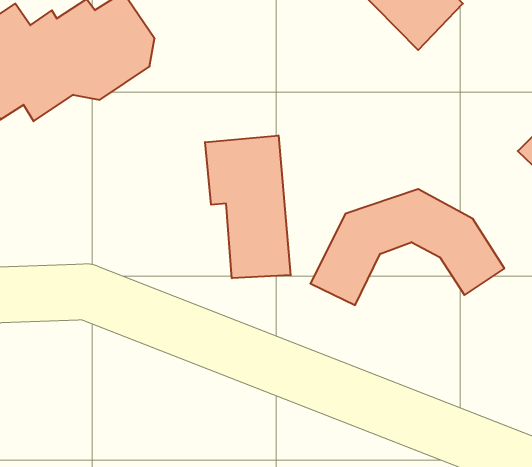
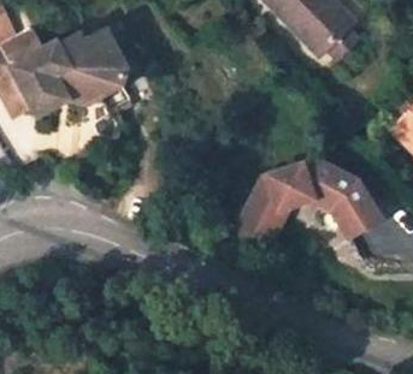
building: [205,135,291,278] -> none

